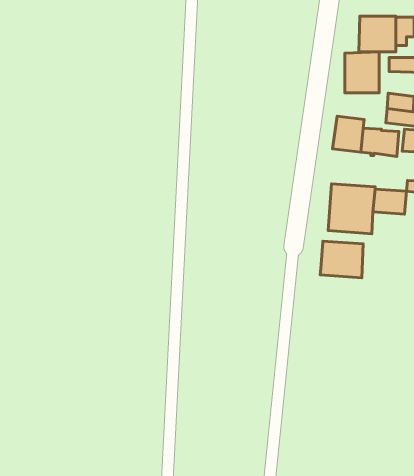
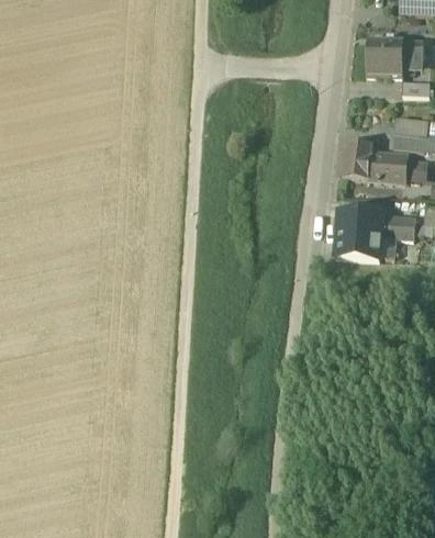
building: [345,52,379,93] -> none
building: [320,241,363,278] -> none

